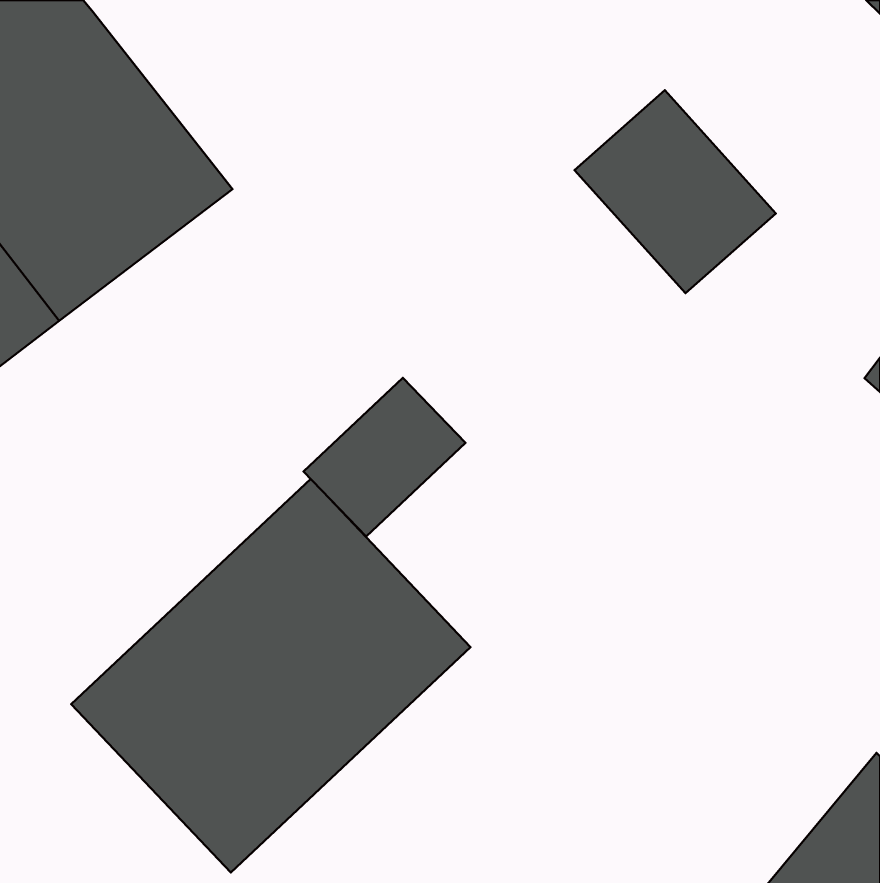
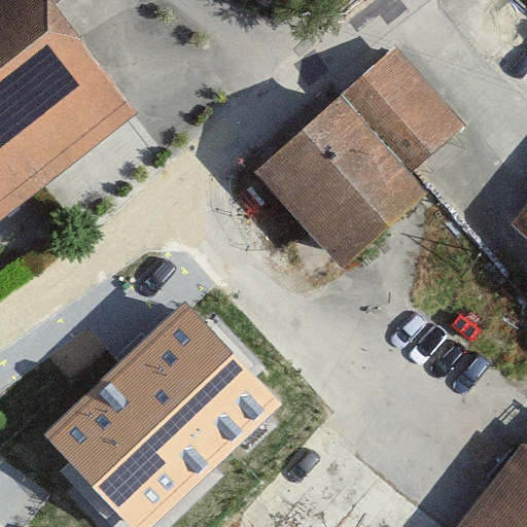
building: none -> [255,103,427,275]
building: [304,378,466,536] -> none

